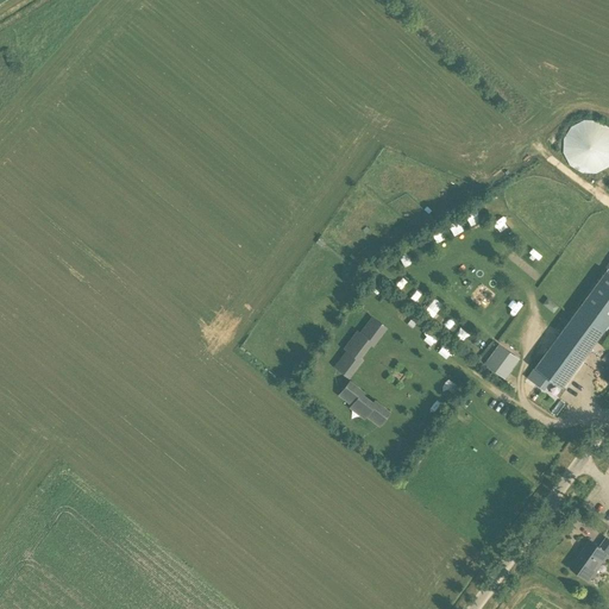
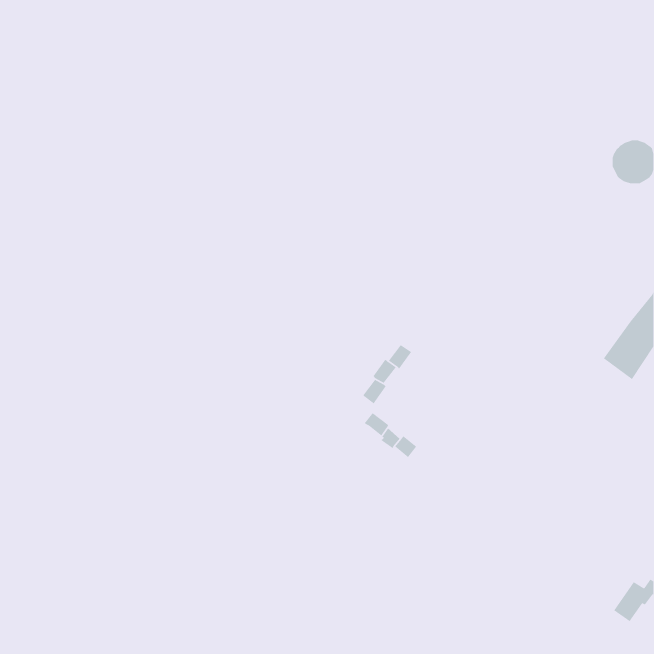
building: [527,333,588,391] -> none
building: [486,346,519,379] -> none

